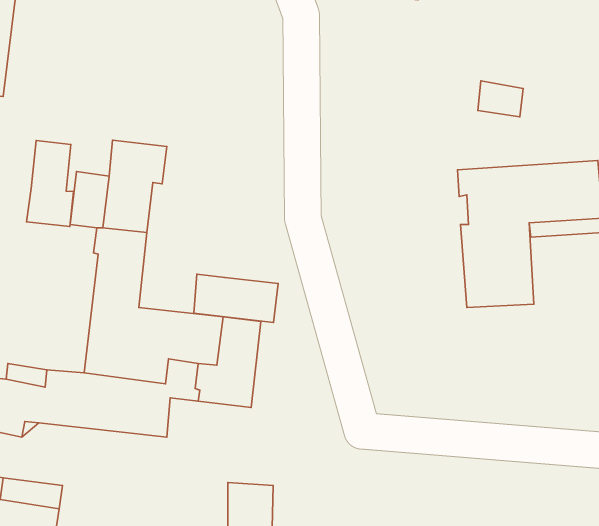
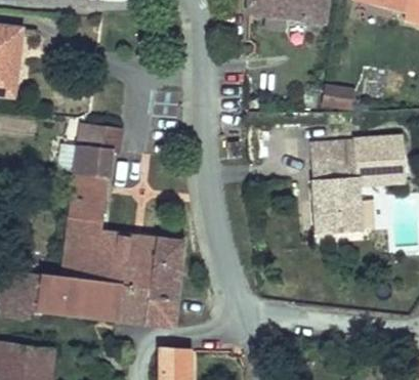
building: [27,140,74,227] -> none
building: [194,274,278,323] -> [120,292,175,324]

